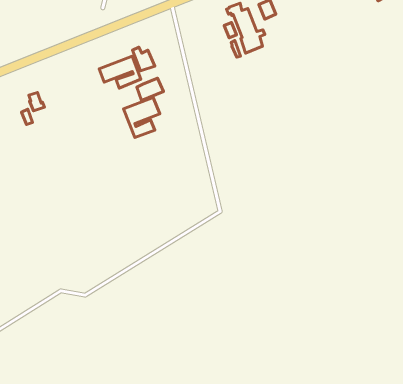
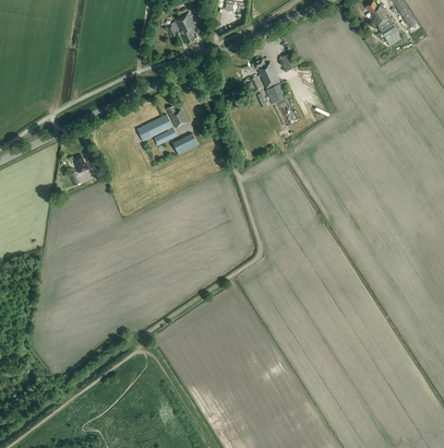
building: [124,97,160,137] -> none

